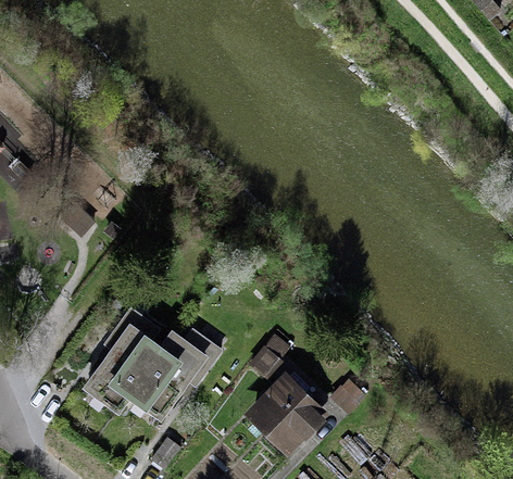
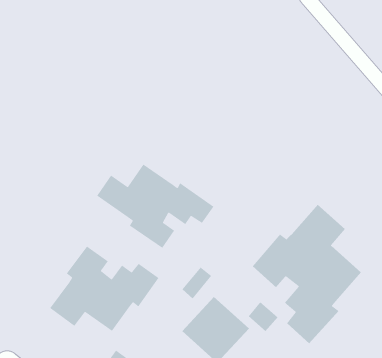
building: none -> [96,164,214,249]
building: none -> [252,204,362,344]

